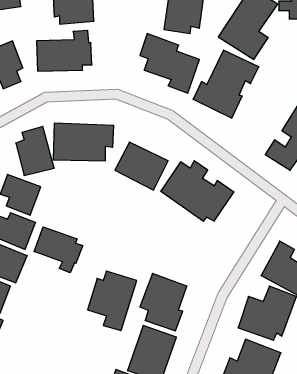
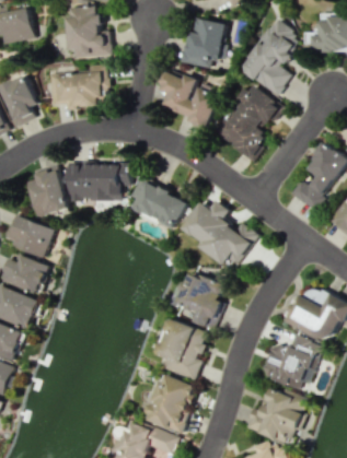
building: [34,227,83,273] -> none
building: [88,271,137,331] -> [176,266,228,328]

